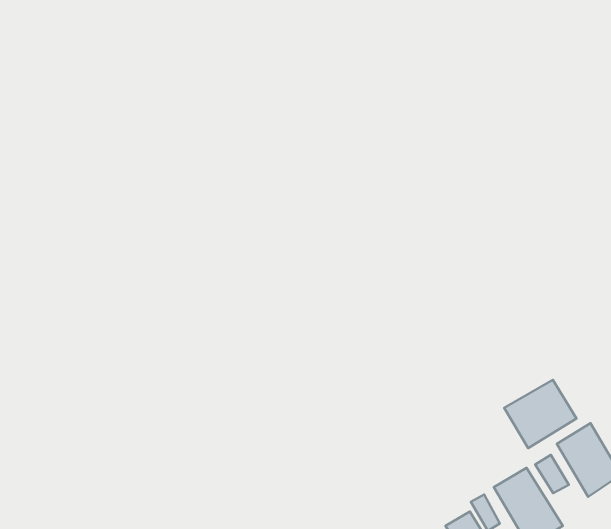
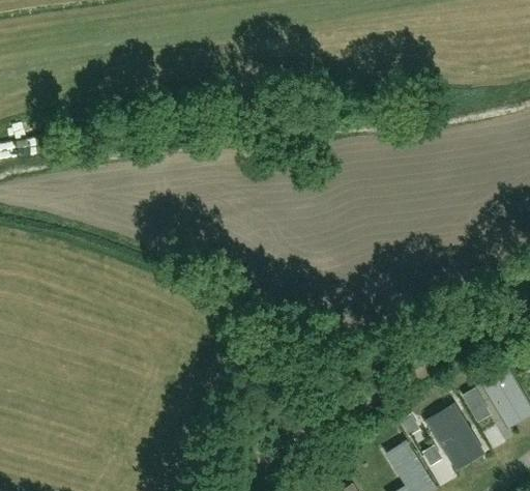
building: [504,380,576,448] -> none

